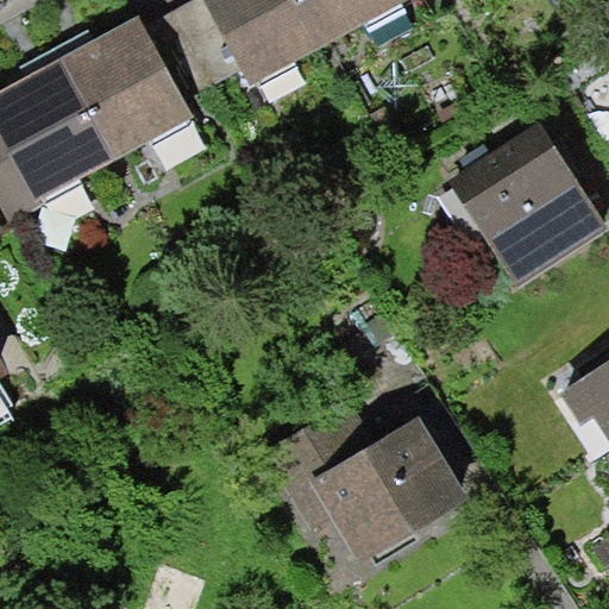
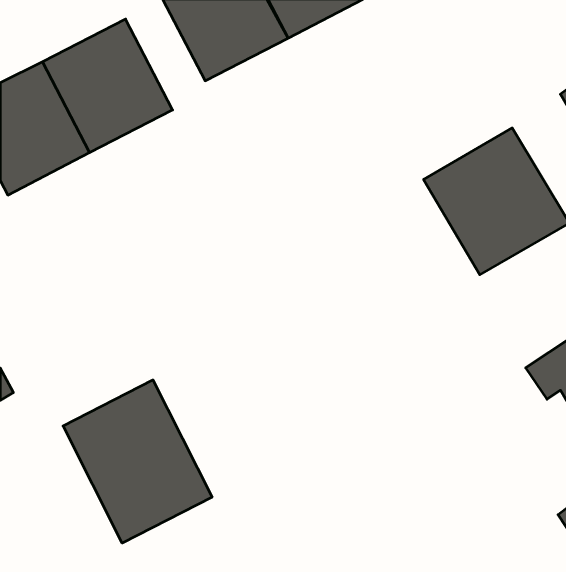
building: none -> [63,380,212,543]
building: [266,407,459,566] -> none

